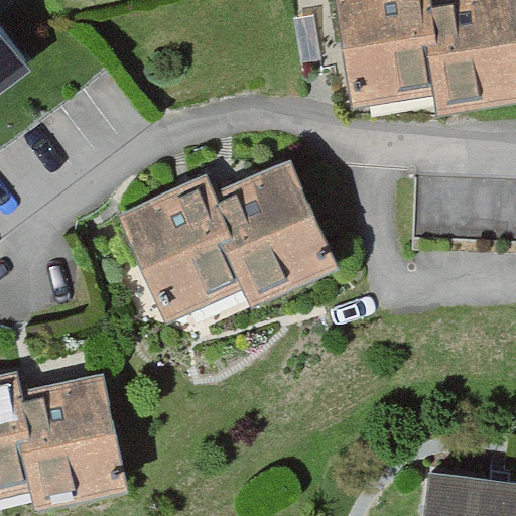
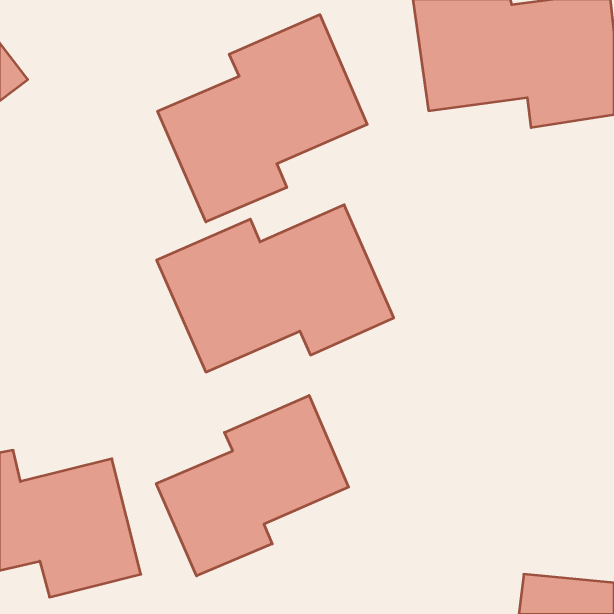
building: none -> [158,15,367,222]
building: none -> [156,395,349,576]

